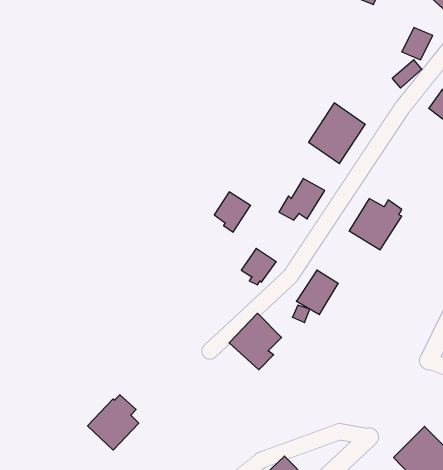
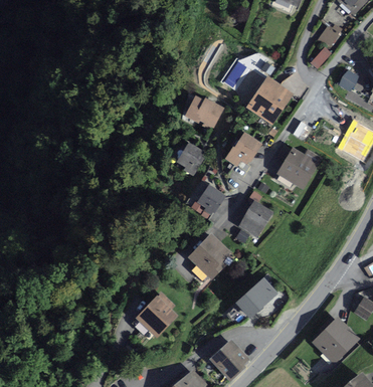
building: none -> [186,98,222,128]
building: none -> [238,280,274,315]
building: [88,395,139,450] -> [137,294,175,335]

